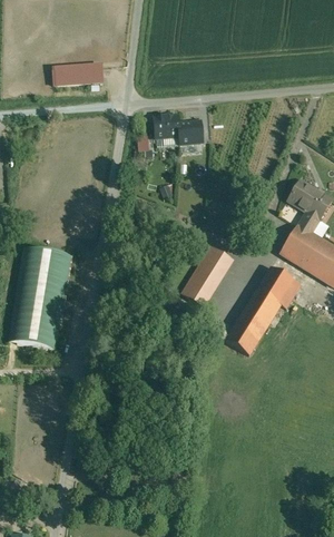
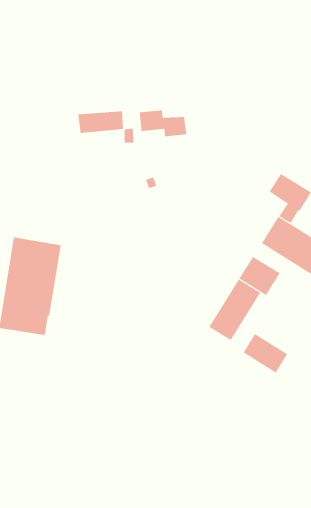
building: [53,62,101,86] -> [78,111,124,134]
building: [183,246,232,306] -> none
building: none -> [243,333,288,373]

